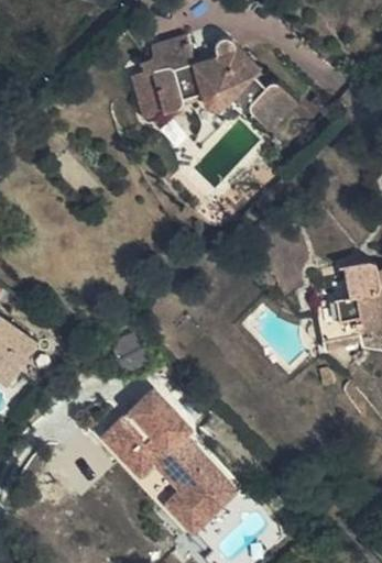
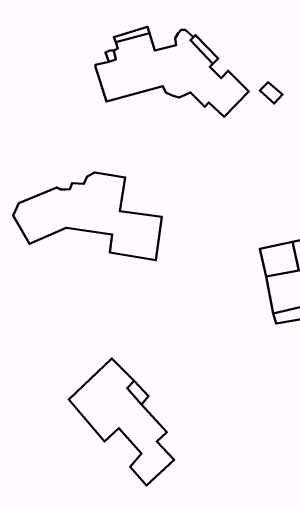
building: none -> [13,173,162,260]
building: [96,434,236,539] -> none

